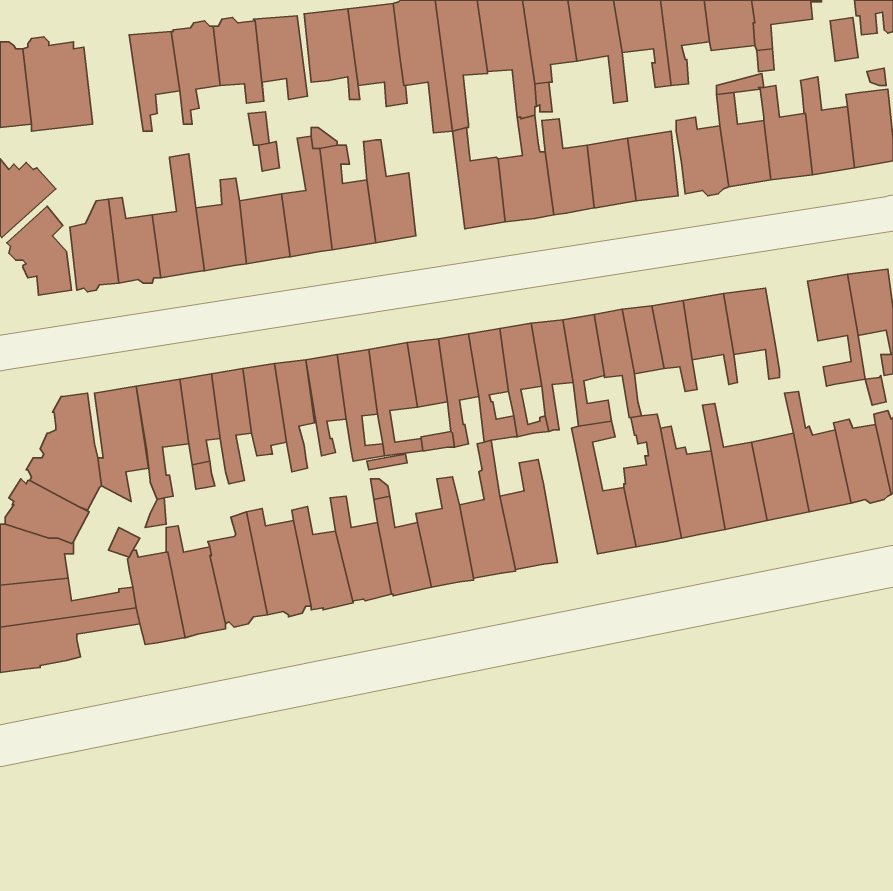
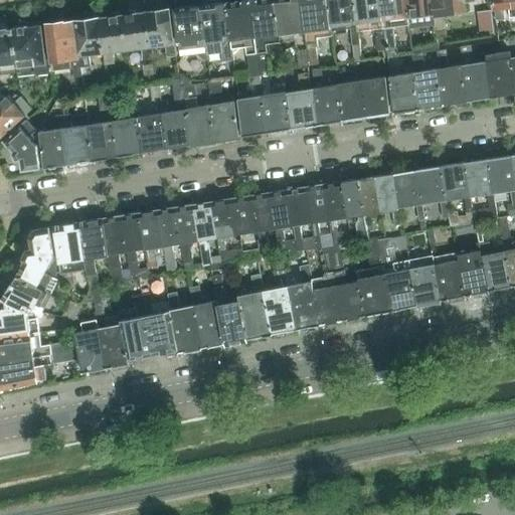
building: none -> [47,18,82,78]
building: none -> [238,76,268,137]
building: none -> [441,163,476,227]
building: none -> [313,247,344,325]

